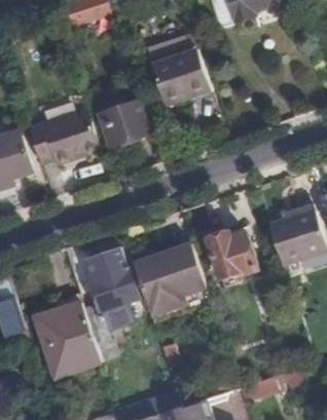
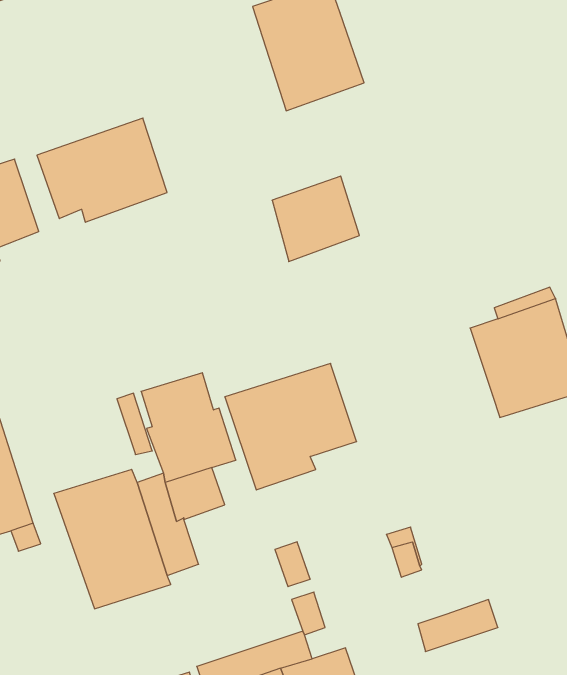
building: [99,99,147,146] -> [272,176,359,262]
building: [207,230,256,282] -> none

